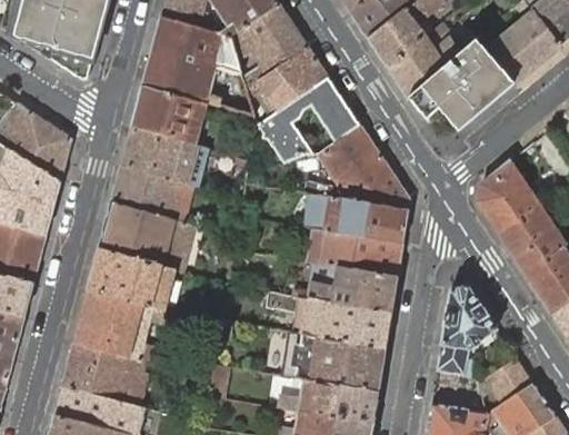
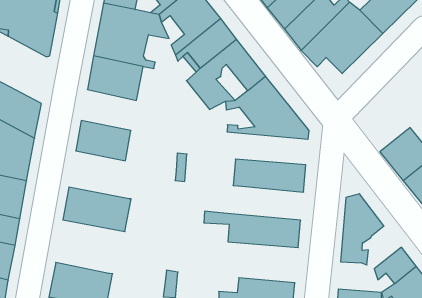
building: [121,126,209,187] -> none
building: [478,161,539,235] -> none
building: [305,195,408,244] -> none
building: [99,202,196,271] -> none
building: [293,264,397,314] -> none
building: [74,289,176,367] -> none
building: [281,333,385,393] -> none

